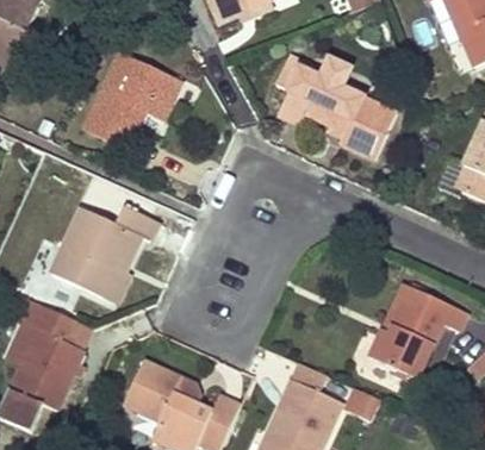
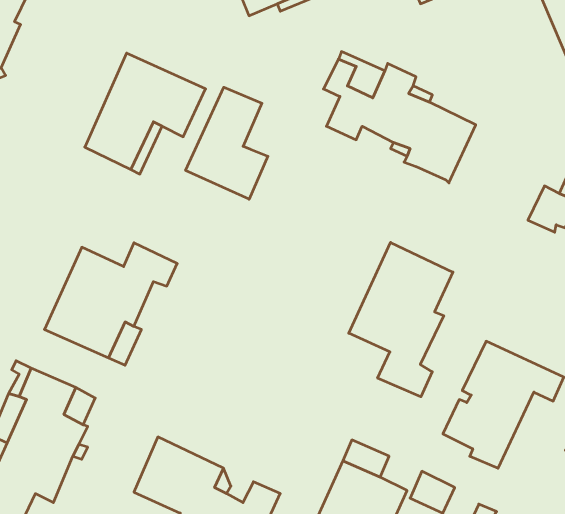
building: none -> [186,87,268,199]
building: none -> [349,242,453,397]

